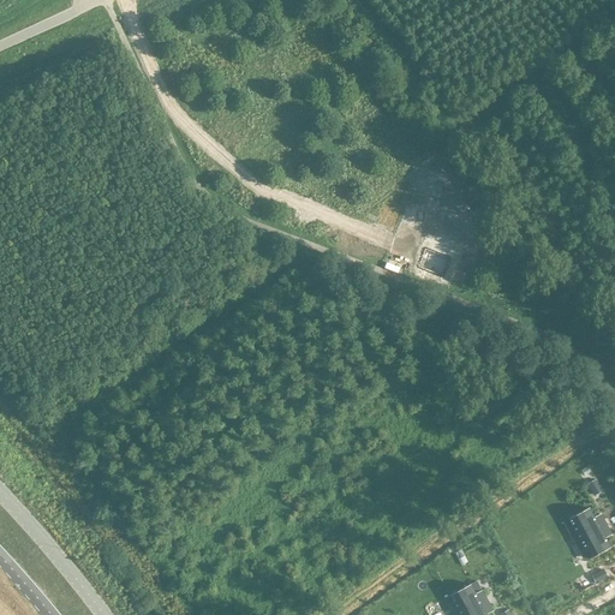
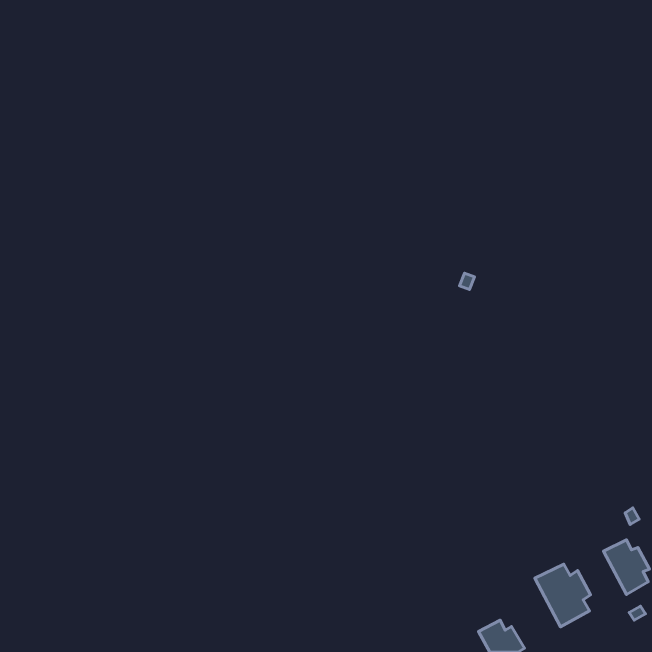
building: none -> [535,564,590,627]

